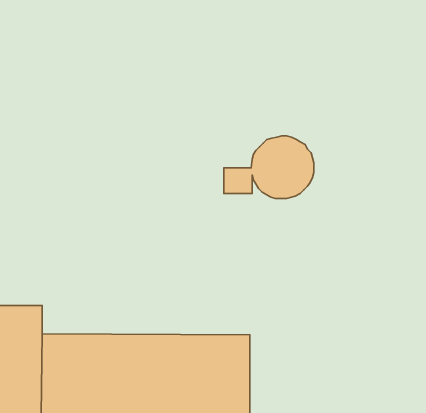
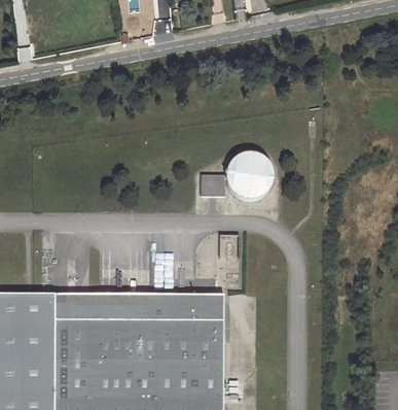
building: none -> [49,298,223,322]

